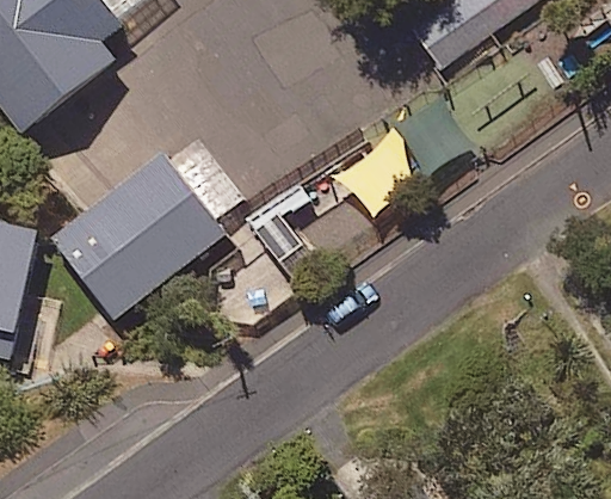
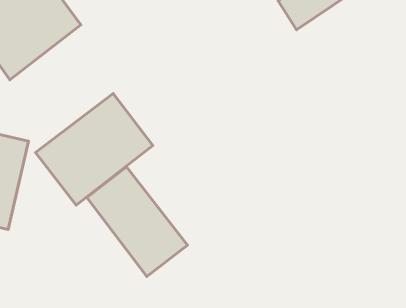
building: none -> [87,167,187,276]

